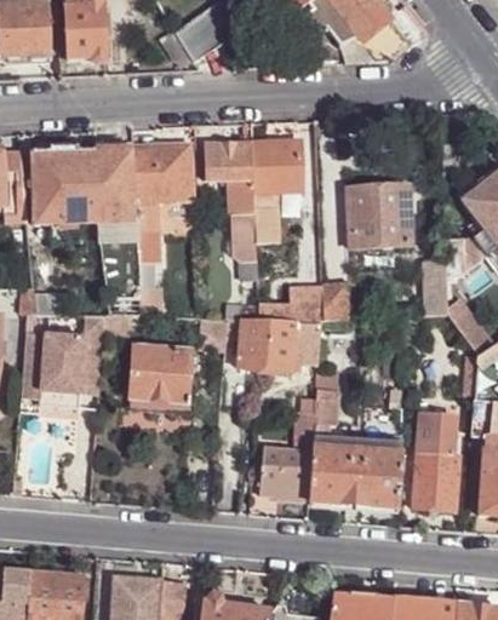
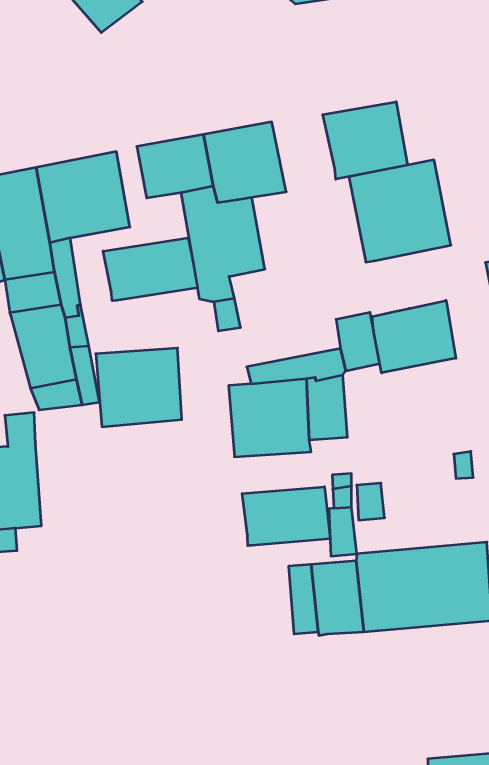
building: none -> [323,102,407,179]
building: none -> [103,238,197,301]
building: none -> [372,300,456,373]
building: [130,345,190,400] -> [96,348,182,427]
building: none -> [242,487,330,546]

